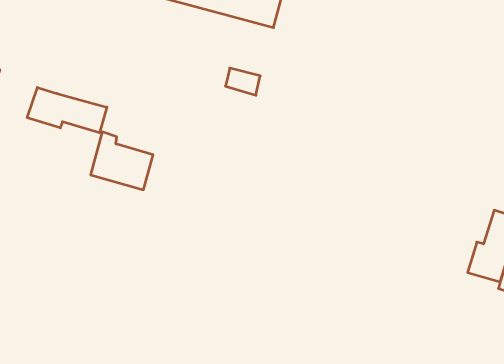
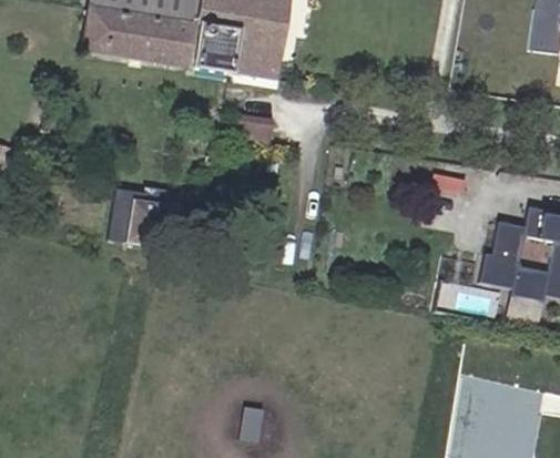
building: [27,87,107,133] -> none

